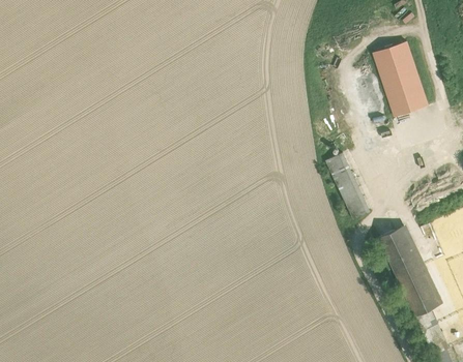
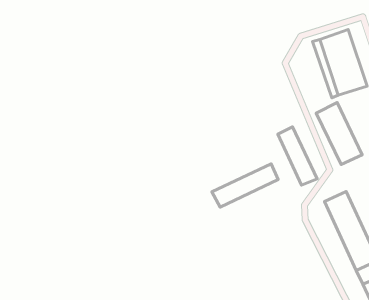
building: none -> [316,102,362,164]
building: none -> [212,164,278,207]

